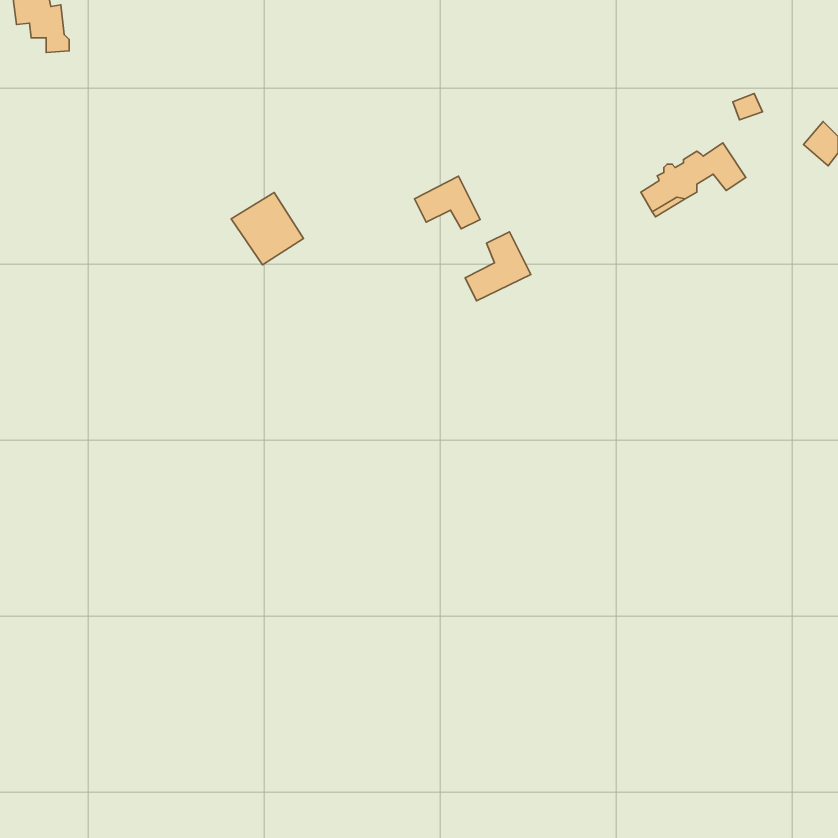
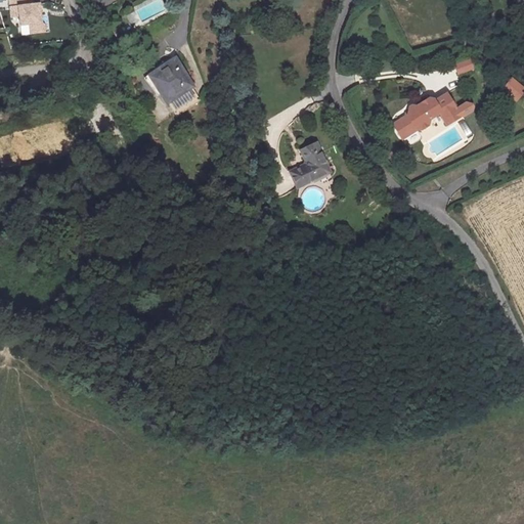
building: [414,176,480,229] -> none
building: [231,193,304,265] -> [148,56,193,101]

